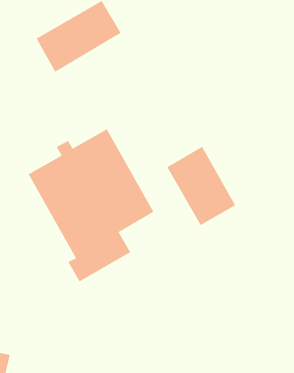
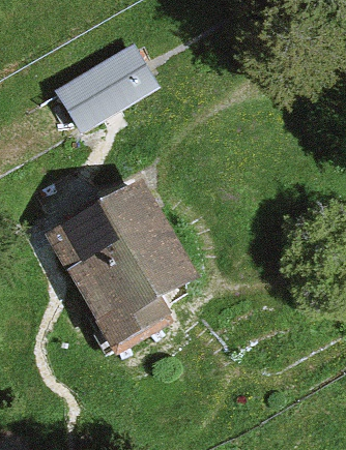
building: [166,146,236,226] -> none

